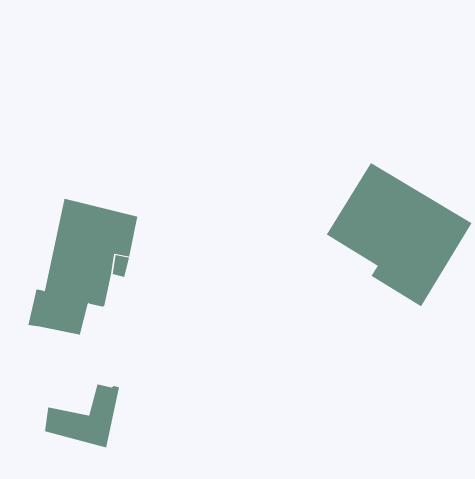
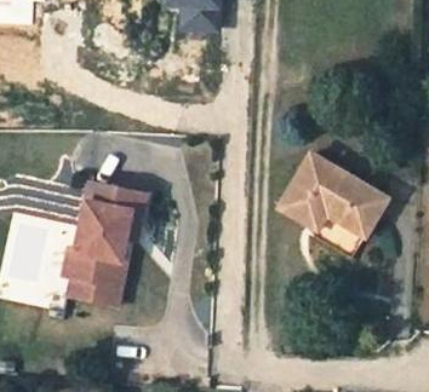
building: [44,384,120,448] -> [68,256,124,304]

